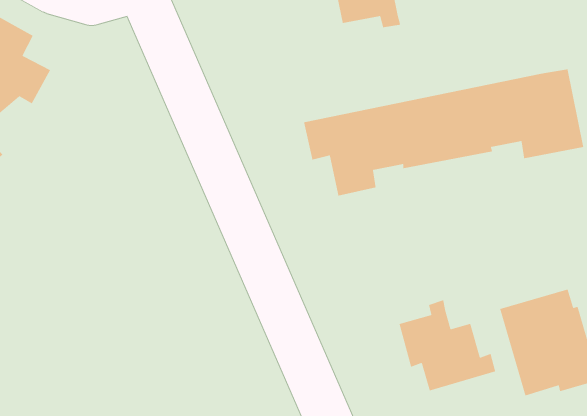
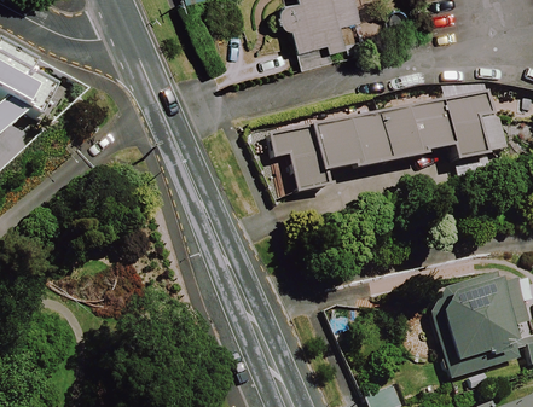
building: [398,299,496,391] -> none

